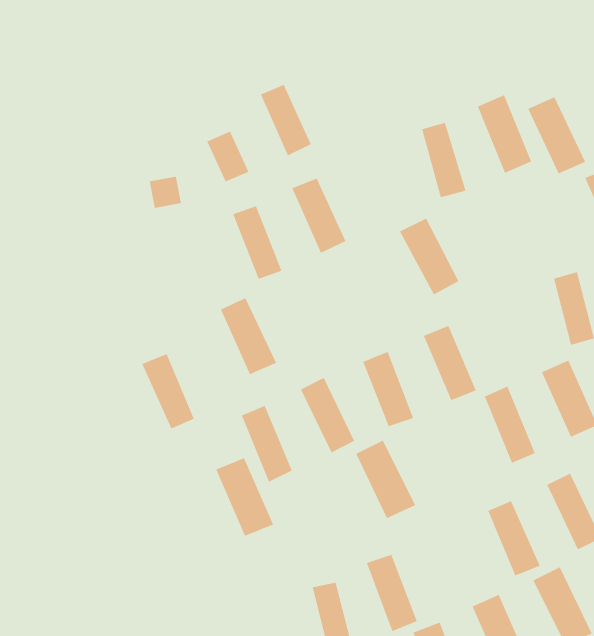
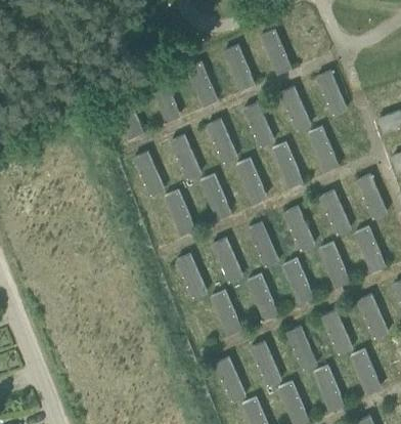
building: none -> [260,29,293,75]
building: none -> [220,44,256,91]
building: [527,96,586,174] -> [306,126,341,172]
building: none -> [244,103,272,147]
building: none -> [234,158,268,204]
building: none -> [198,173,232,220]
building: none -> [319,189,351,235]
building: [141,353,195,429] -> [133,151,165,196]
building: none -> [281,258,314,304]
building: [215,457,274,537] -> [208,290,242,337]
building: none -> [288,326,314,370]

